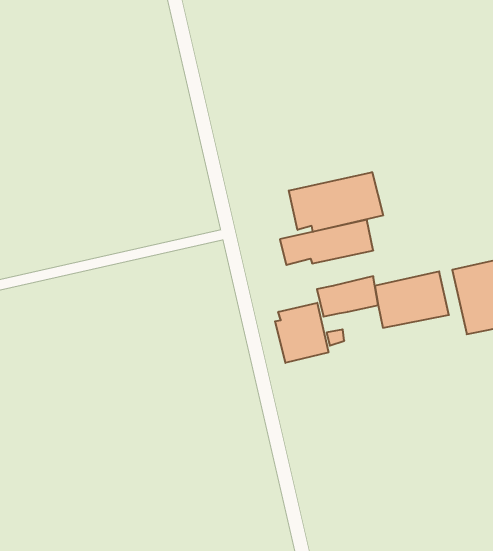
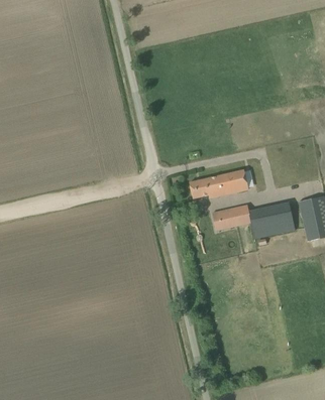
building: [289,172,383,232] -> none
building: [275,303,328,363] -> none

